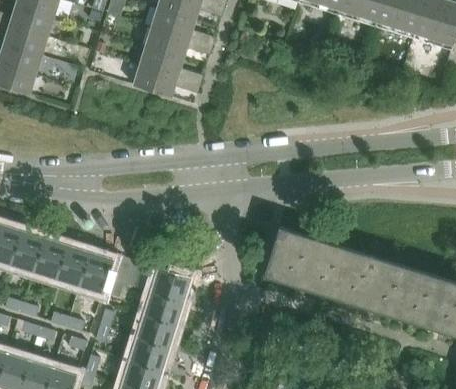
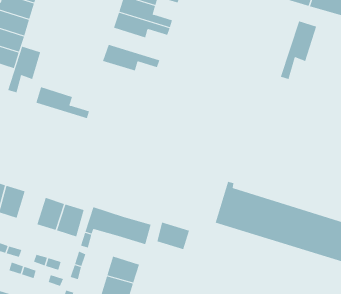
building: none -> [280,20,317,80]
building: [139,46,203,84] -> [35,87,90,119]
building: none -> [8,46,41,93]
building: [32,238,65,277] -> none
building: [144,291,183,324] -> [156,222,190,250]

